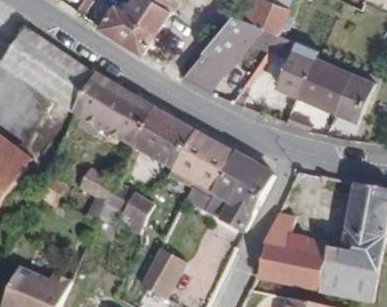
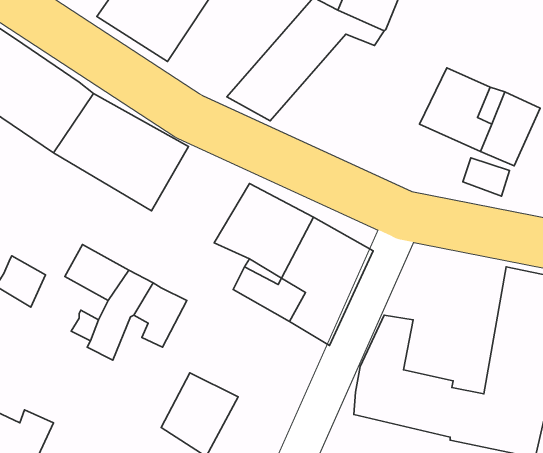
building: [271,36,319,94] -> none
building: [132,108,193,168] -> none

